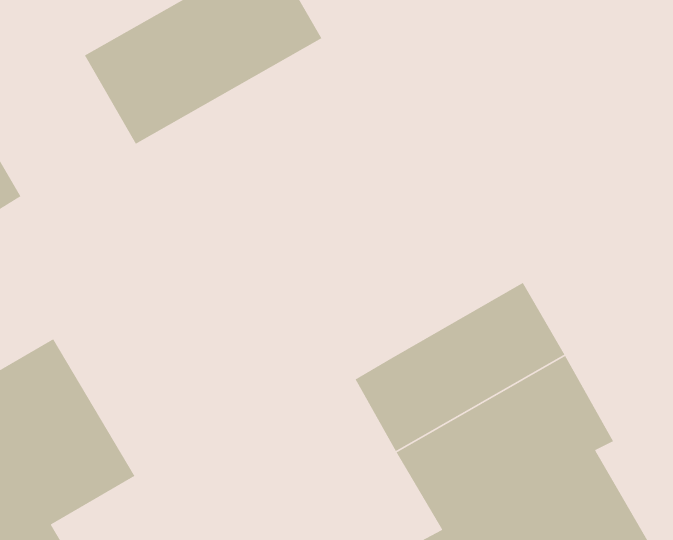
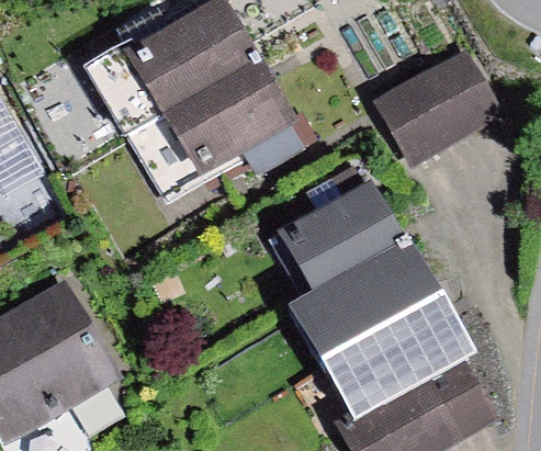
building: none -> [372,49,501,164]
building: none -> [127,59,297,199]
building: none -> [277,176,407,290]

